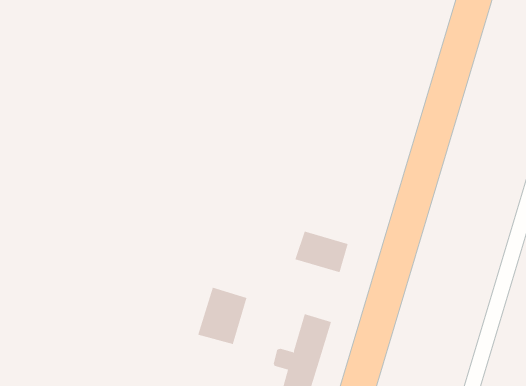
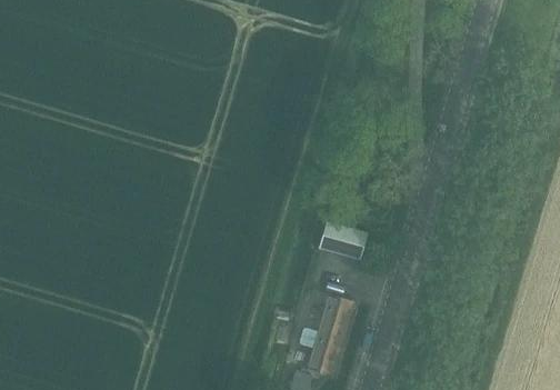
building: [198,287,247,345] -> none

